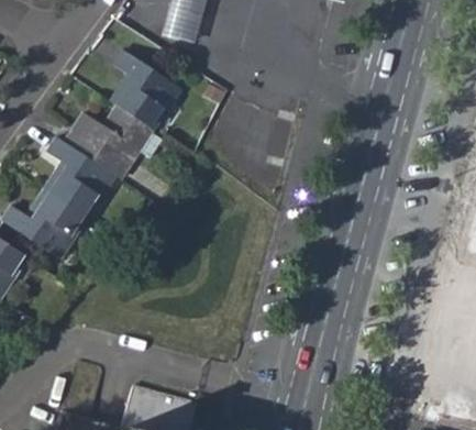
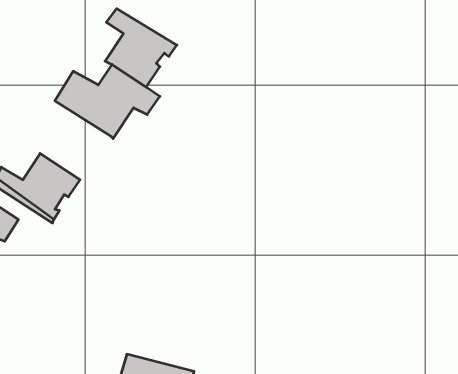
building: [51,137,120,217] -> none

